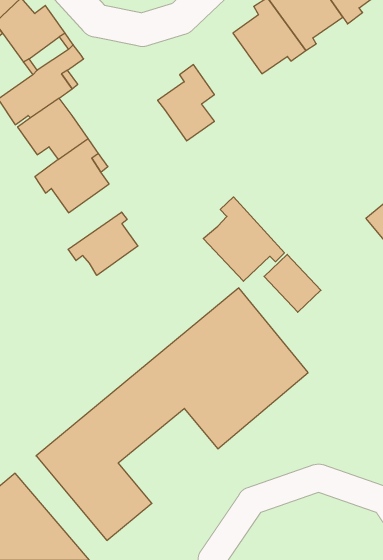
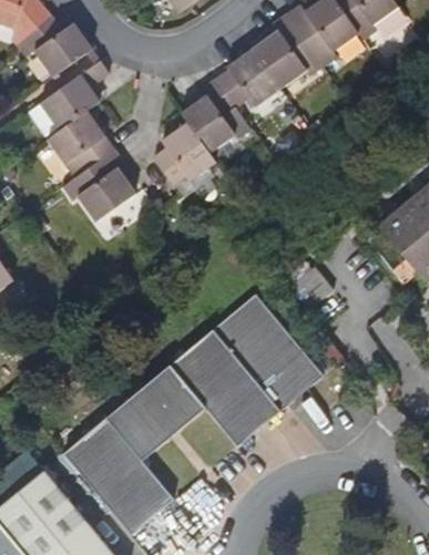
building: none -> [214,49,279,107]
building: none -> [152,122,215,186]
building: [203,197,284,281] -> none
building: [68,212,138,275] -> none

